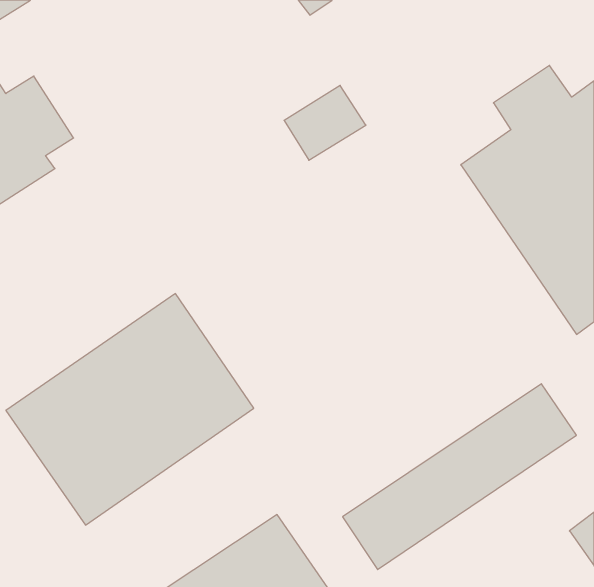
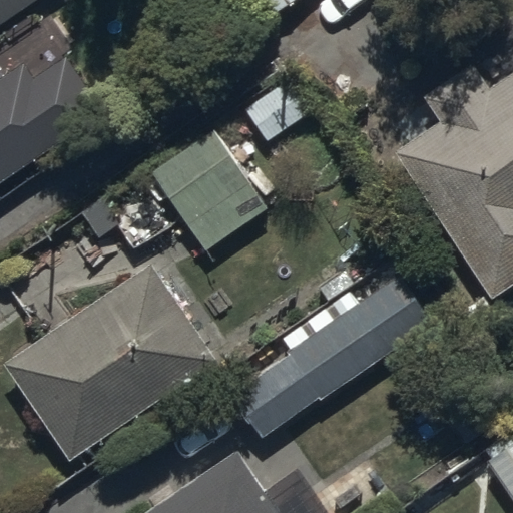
building: none -> [150,127,269,251]
building: [343,384,576,570] -> [230,281,431,440]

